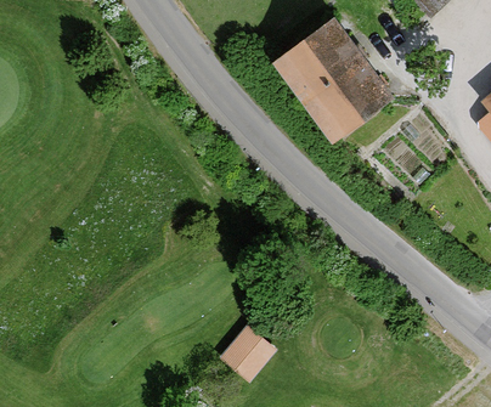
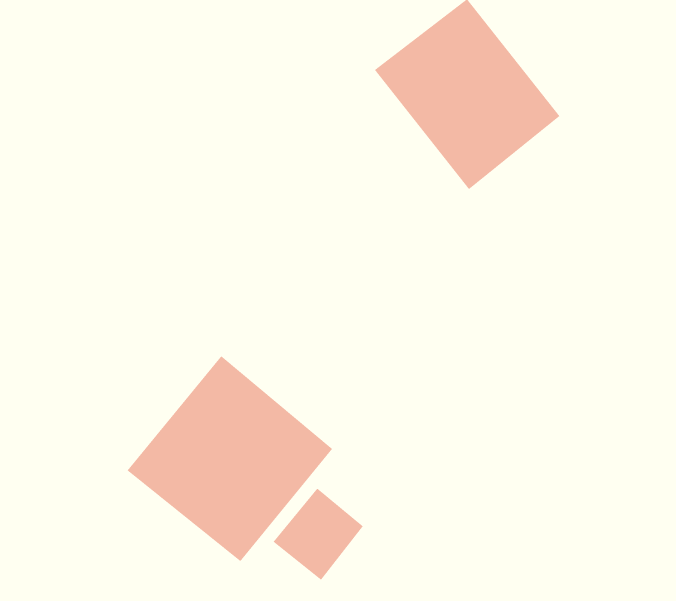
building: none -> [126,355,333,562]

